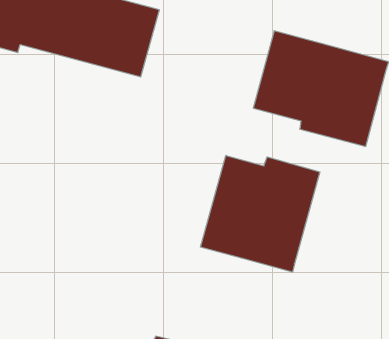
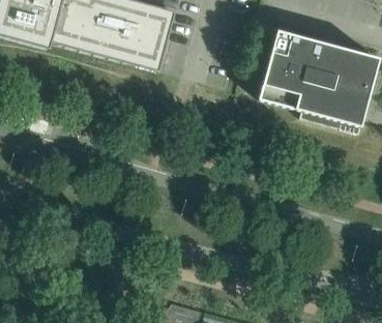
building: [201,155,320,272] -> none

